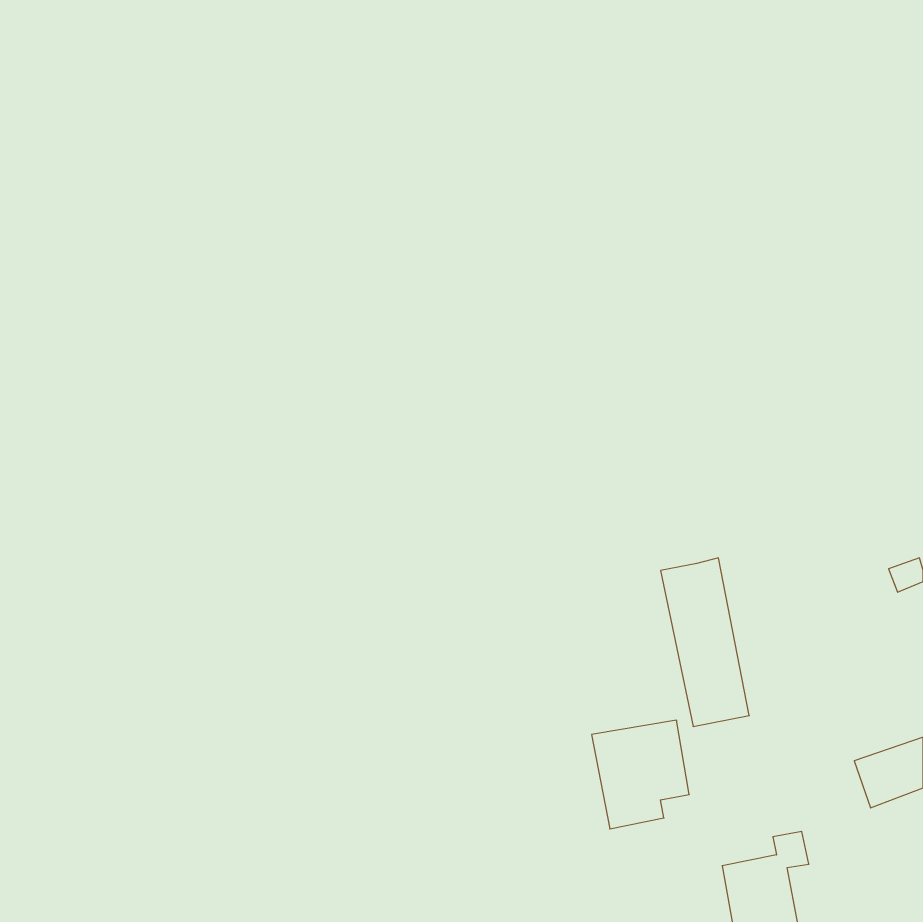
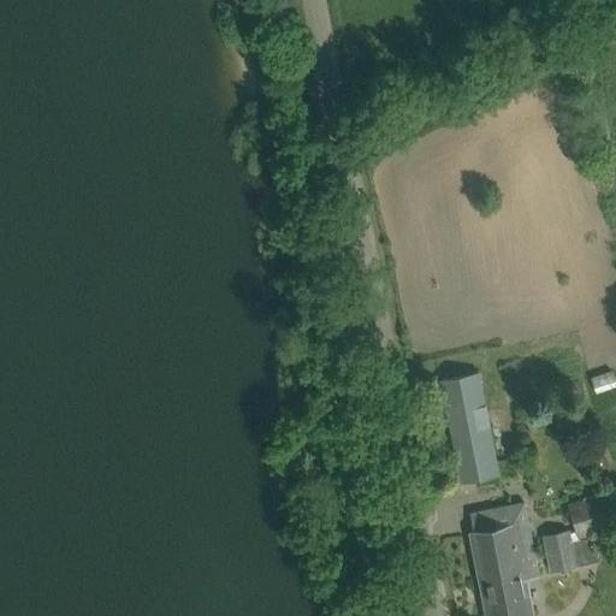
building: [592,720,689,829] -> [468,505,533,578]
building: none -> [545,534,598,571]

